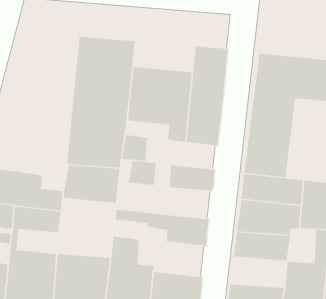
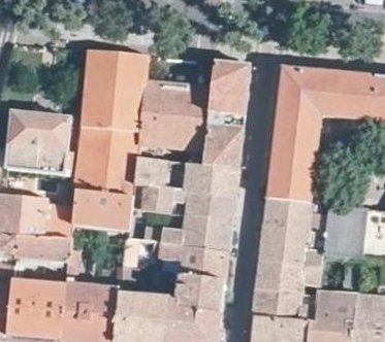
building: none -> [7,111,69,173]
building: none -> [184,161,238,193]
building: none -> [127,212,232,247]
building: none -> [152,269,226,310]
building: none -> [251,287,314,321]

